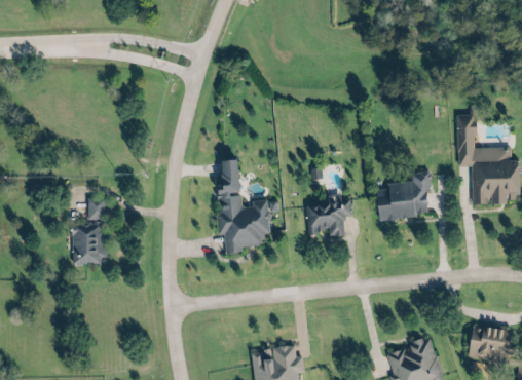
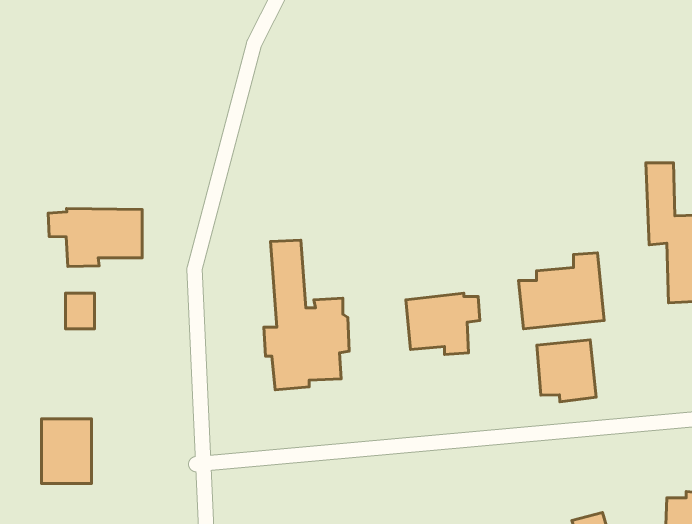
building: none -> [48,209,142,266]
building: [73,223,105,264] -> [42,419,92,483]
building: none -> [537,340,596,402]

